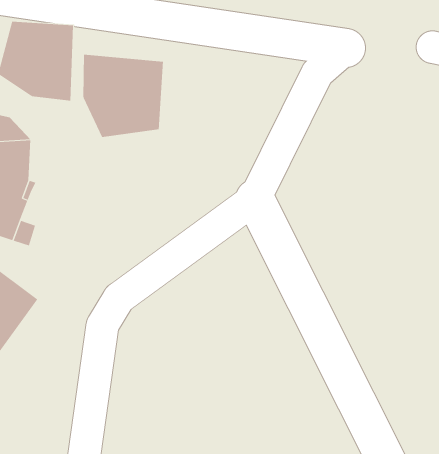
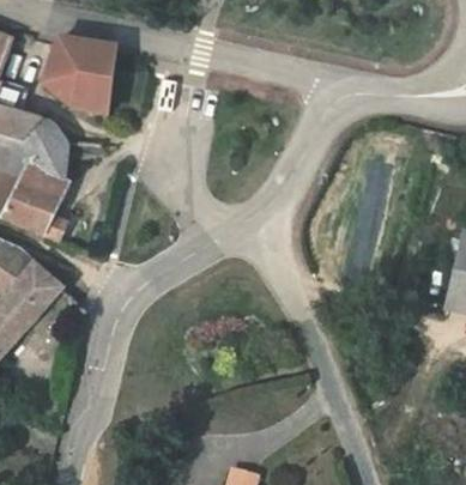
building: [83,54,164,138] -> none

